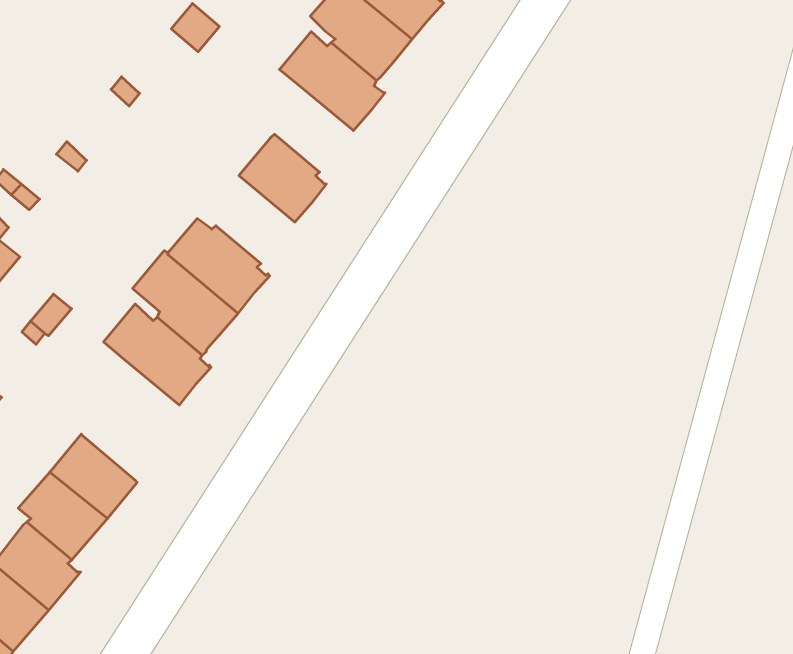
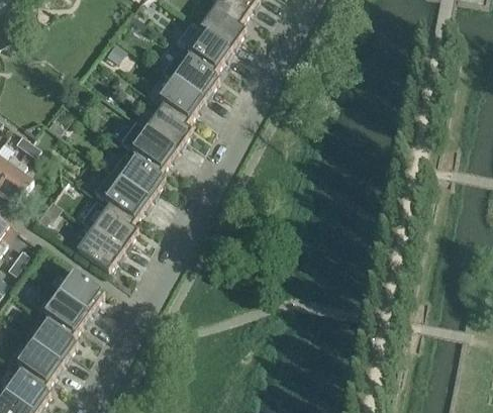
building: none -> [156,78,202,123]
building: none -> [119,121,175,174]
building: none -> [75,229,121,272]

